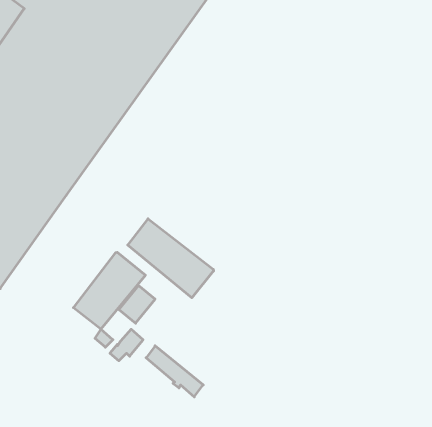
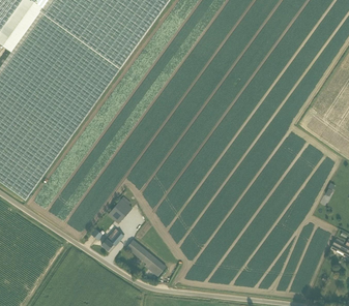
building: [128,219,214,298] -> none
building: [73,252,145,329] -> none

